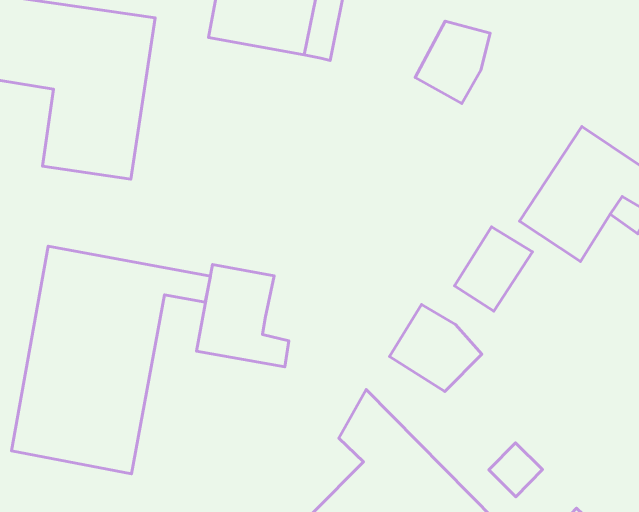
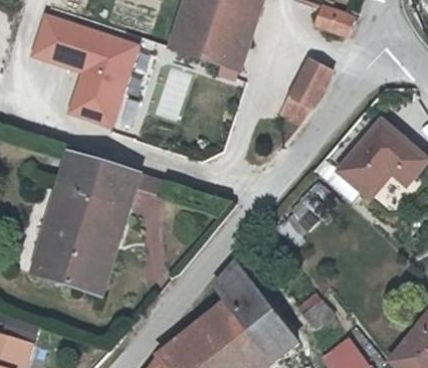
building: none -> [271,88,310,128]
building: [197,264,289,367] -> none
building: [390,304,482,392] -> none

